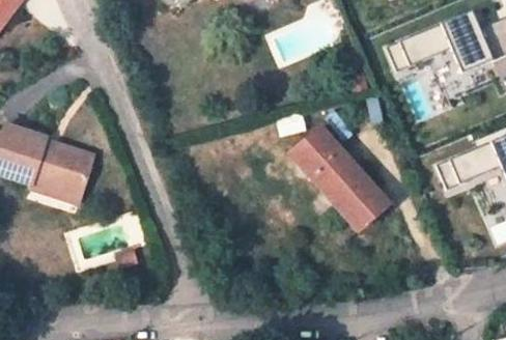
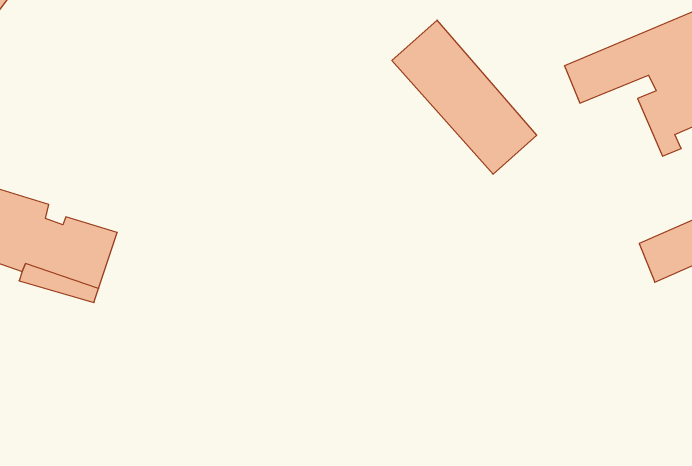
building: [292,126,389,229] -> [392,20,537,174]

